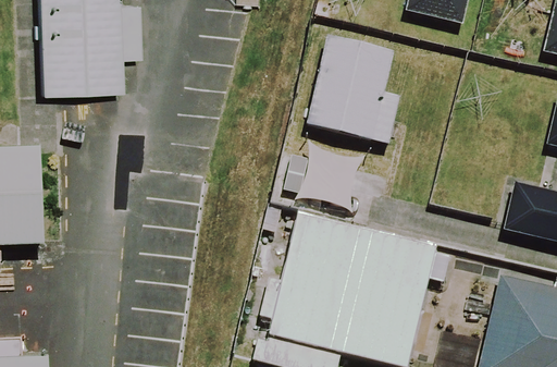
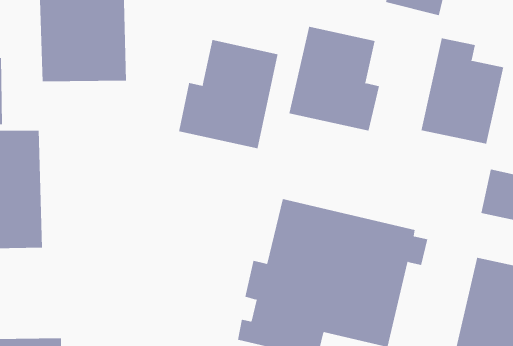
building: none -> [421,37,504,144]
building: none -> [178,39,278,149]

